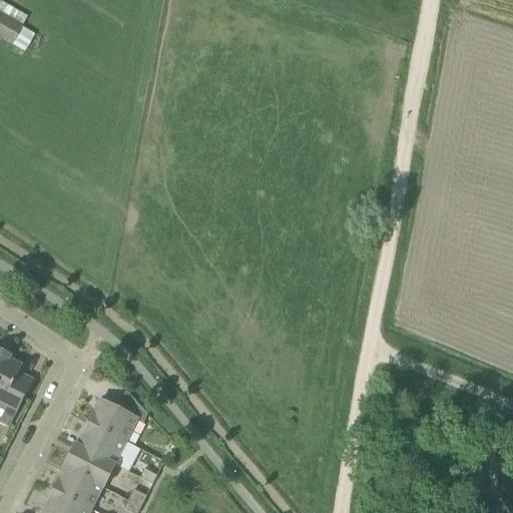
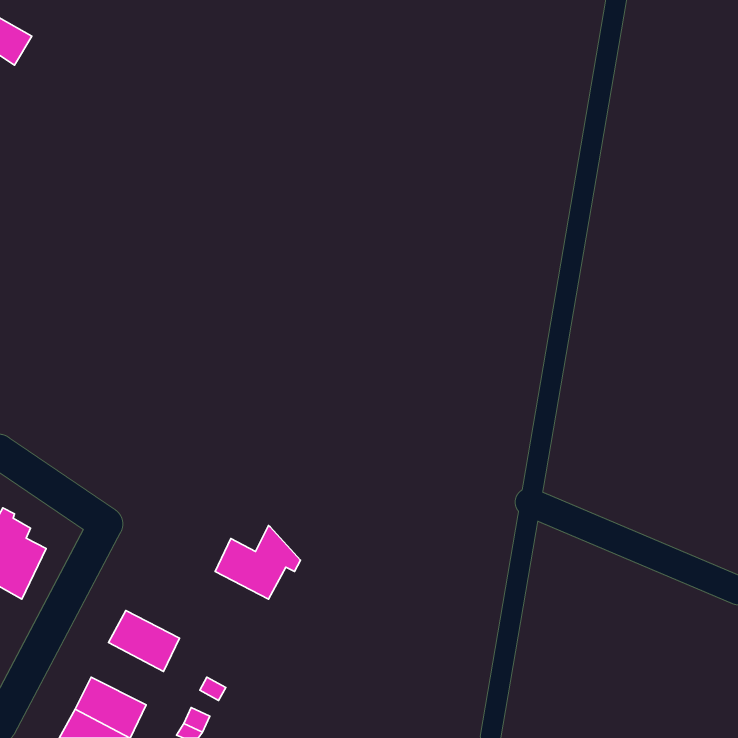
building: [87,391,146,442] -> [215,525,300,599]
building: [62,445,114,489] -> none

